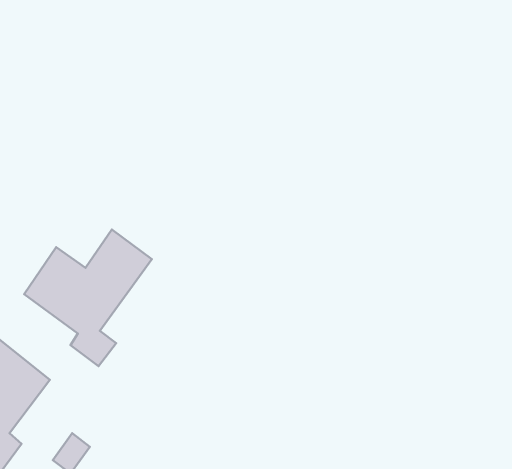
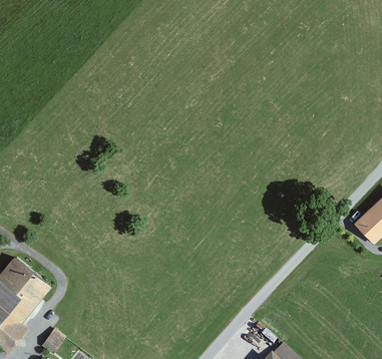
building: [24,229,152,366] -> none

